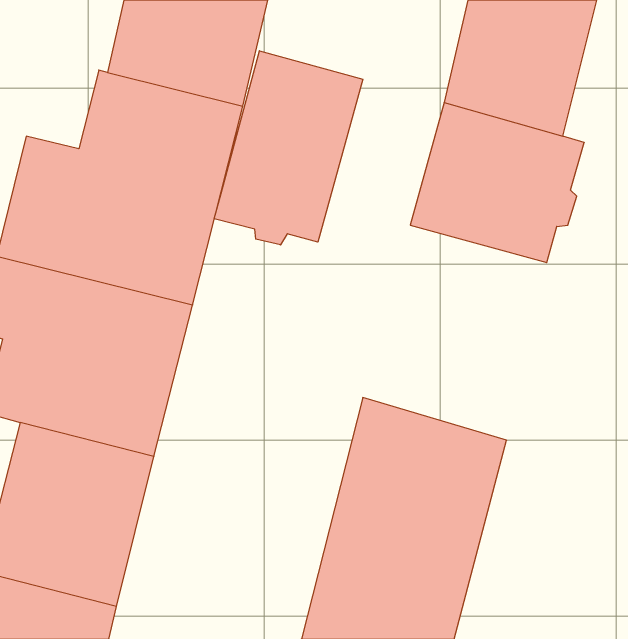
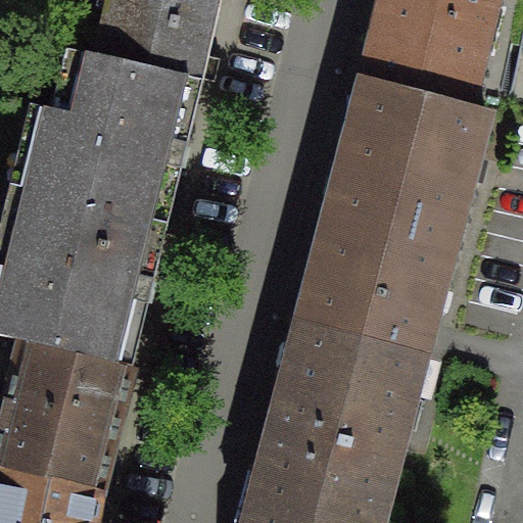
building: [214,51,363,245] -> none
building: none -> [306,184,446,319]

